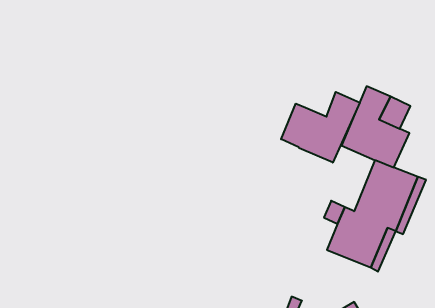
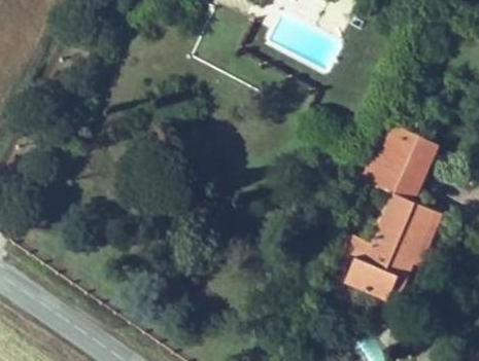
building: [281,92,360,163] -> none

